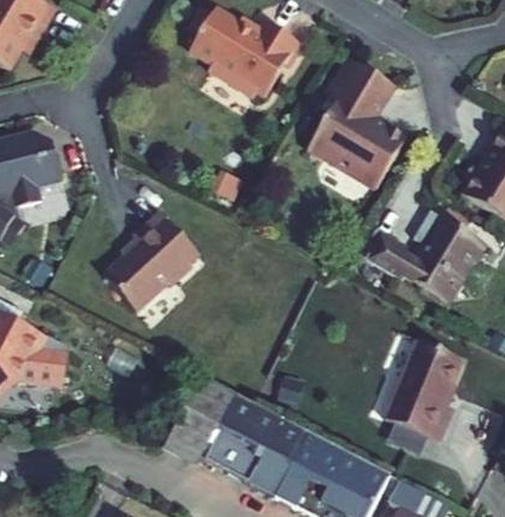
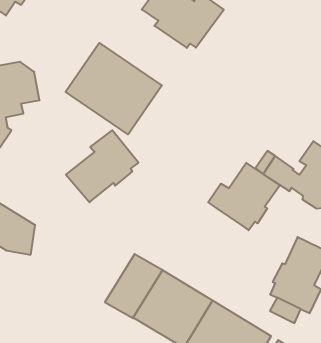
building: [309,57,407,186] -> none
building: none -> [66,43,162,134]
building: none -> [208,163,280,230]

